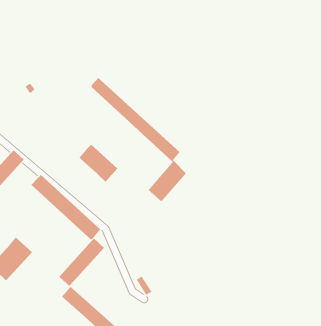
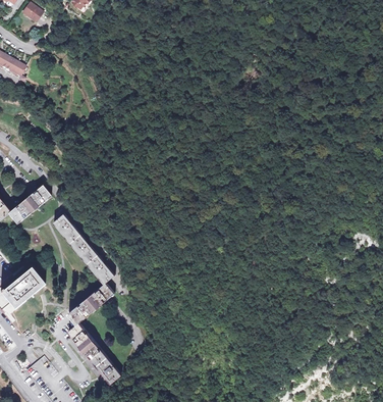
building: [91,77,187,203] -> none
building: [78,144,118,183] -> none

